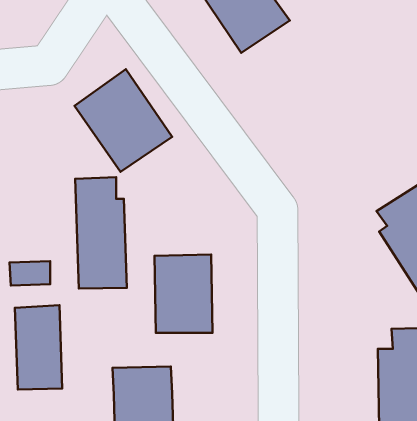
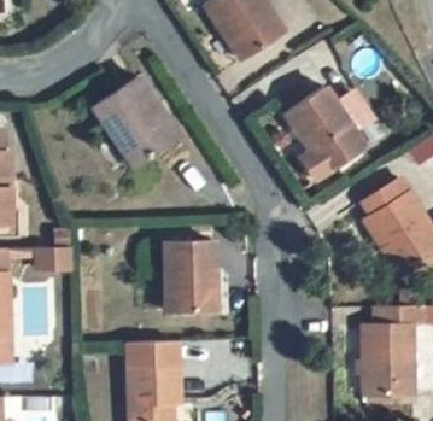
building: none -> [277,88,362,164]
building: [75,177,127,288] -> none
building: [15,305,62,389] -> none

